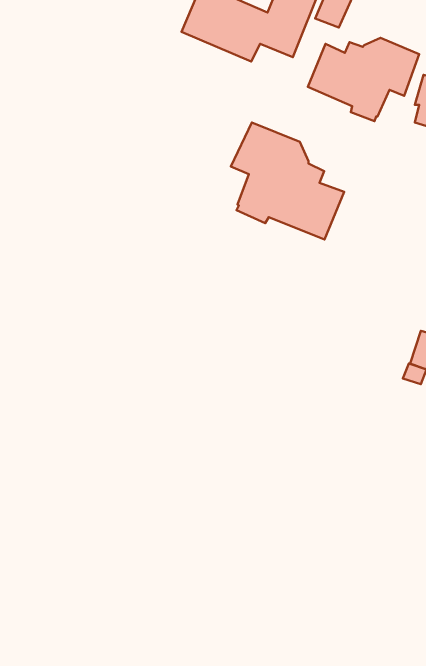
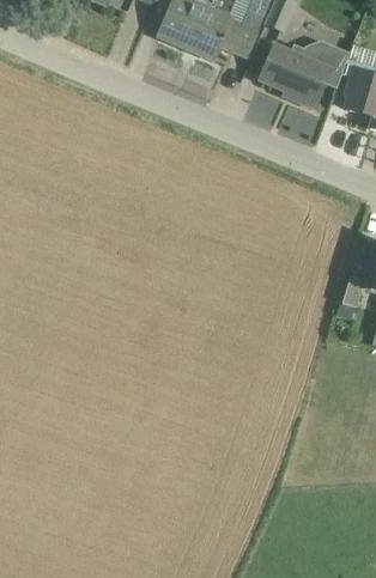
building: [231,122,344,239] -> none

